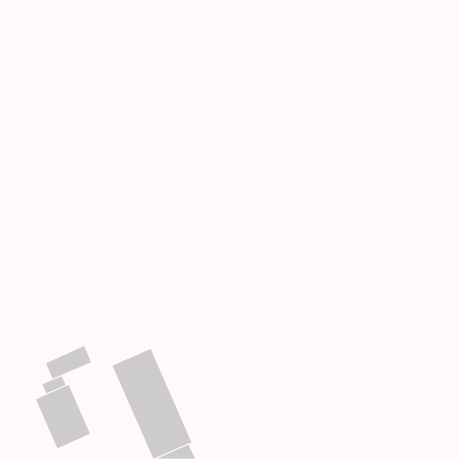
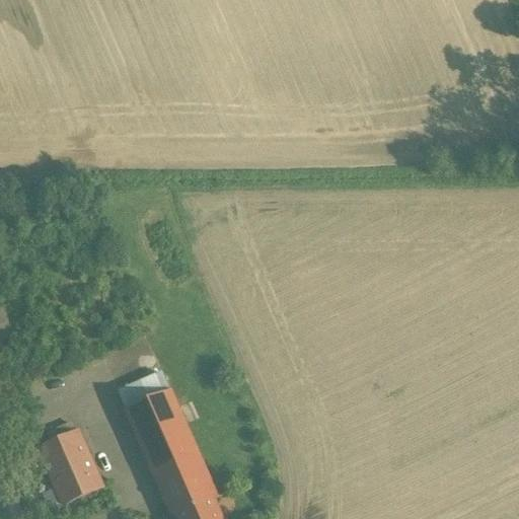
building: [45,345,92,380] -> [120,373,172,412]

